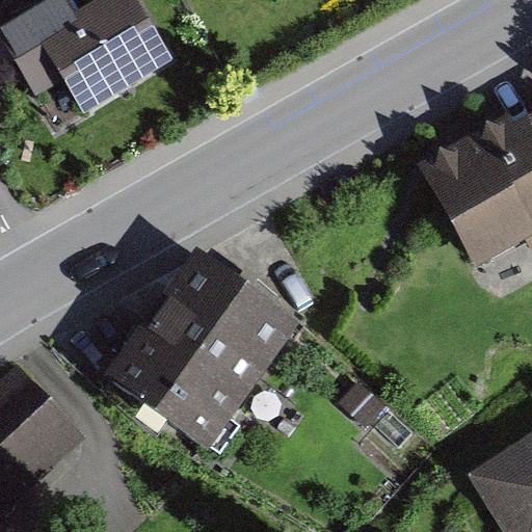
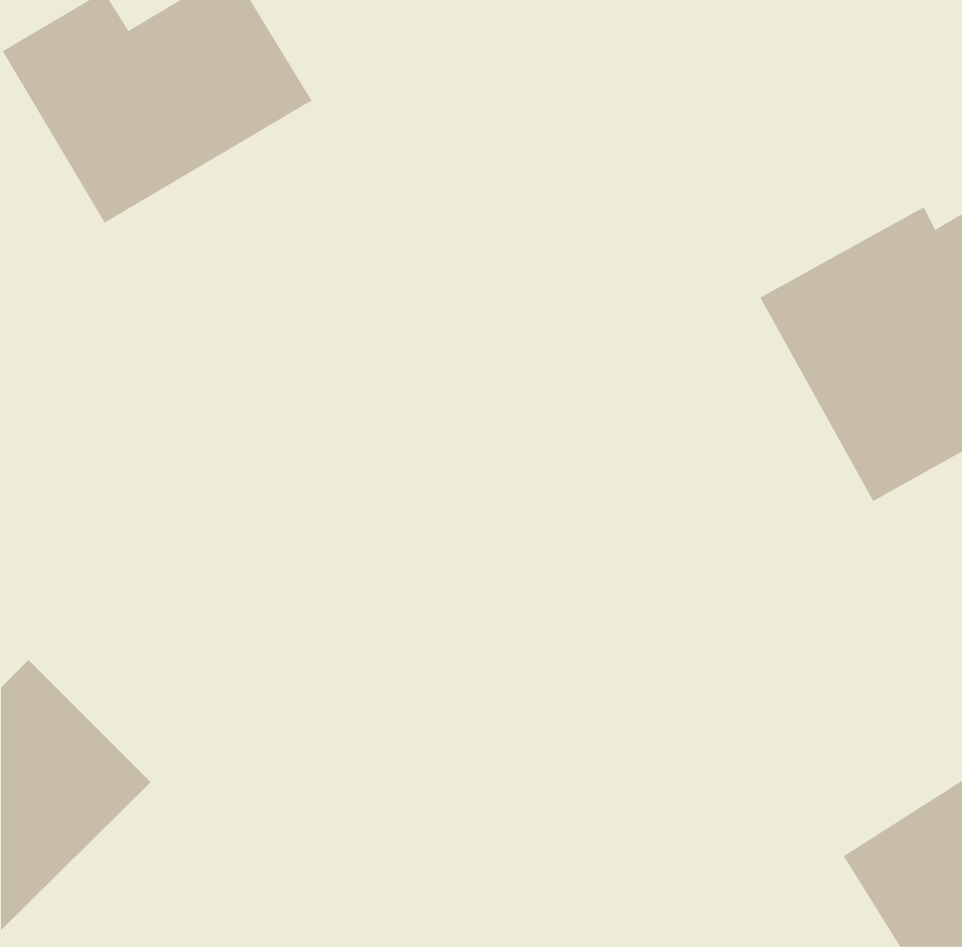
building: [106,250,296,451] -> none

